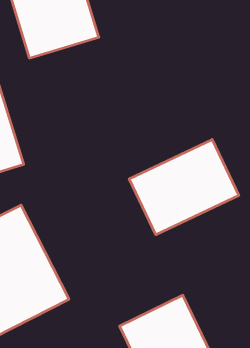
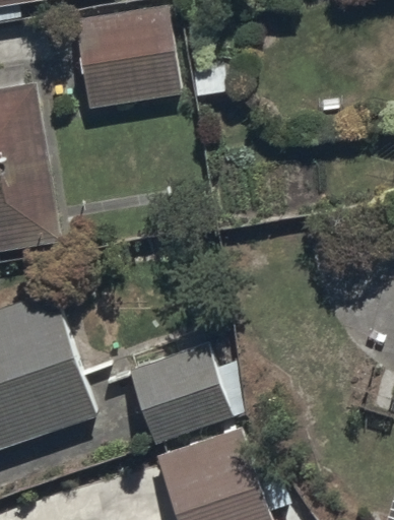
building: [129,139,239,235] -> none
building: none -> [121,337,235,446]

